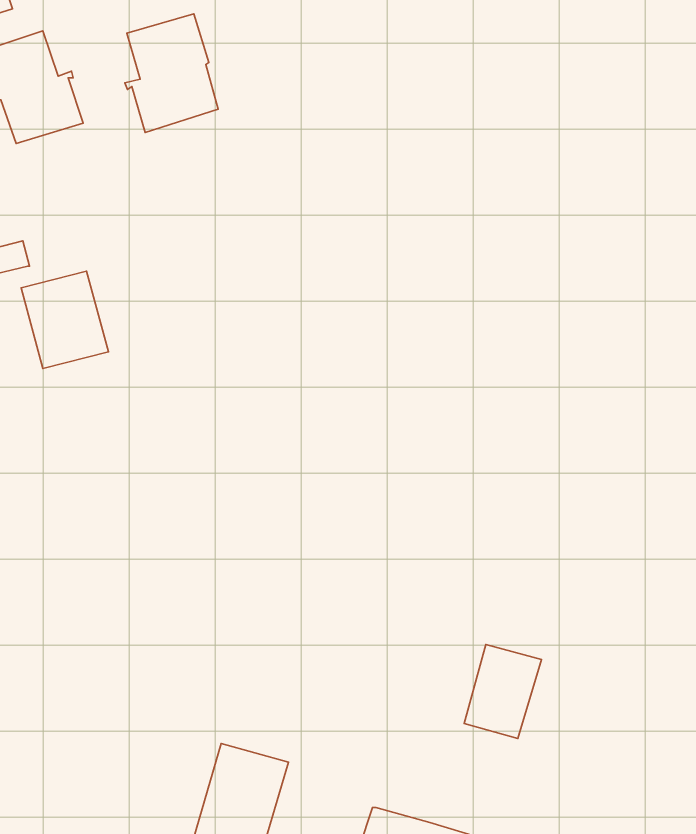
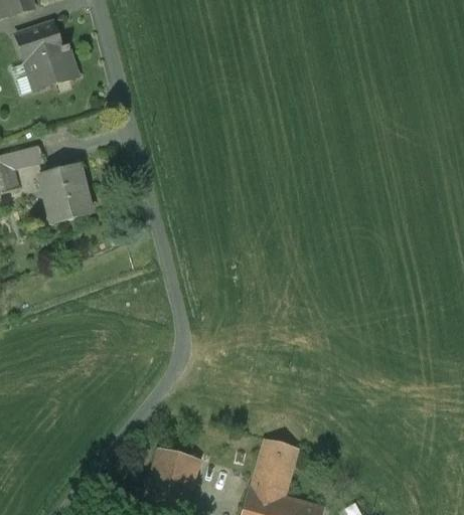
building: [125,14,218,133] -> none
building: [464,644,541,739] -> [252,438,298,494]

